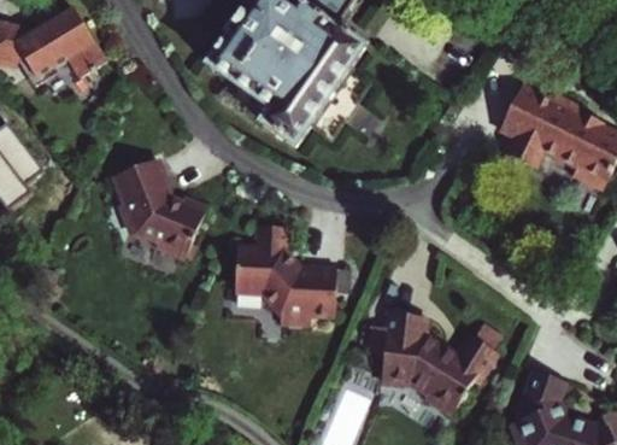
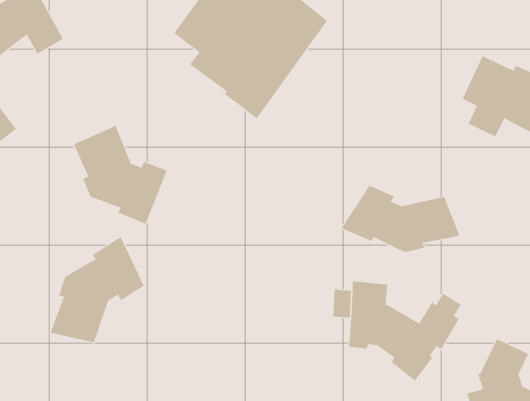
building: none -> [341,185,460,253]
building: [234,223,336,318] -> none
building: none -> [50,236,145,343]

